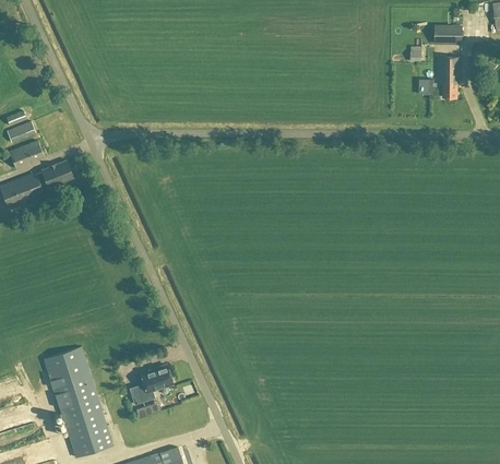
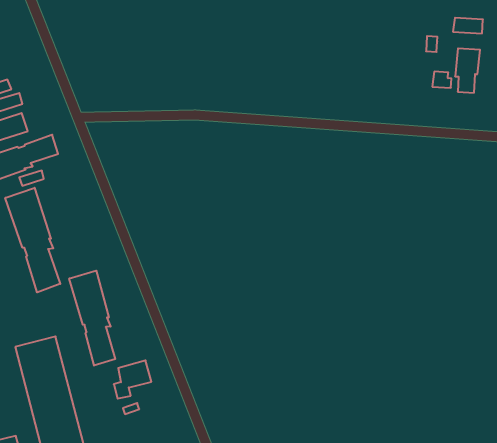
building: none -> [5,188,60,292]
building: none -> [69,271,115,366]

